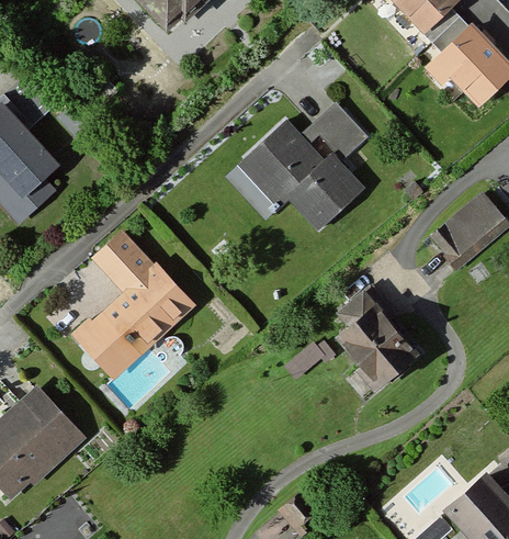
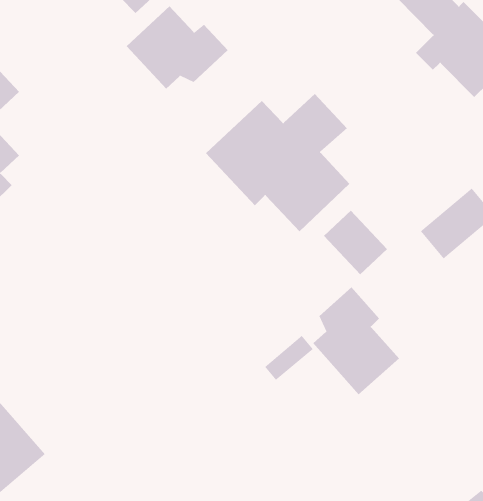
building: none -> [126,5,229,89]
building: none -> [323,210,388,275]
building: [75,227,193,377] -> none

